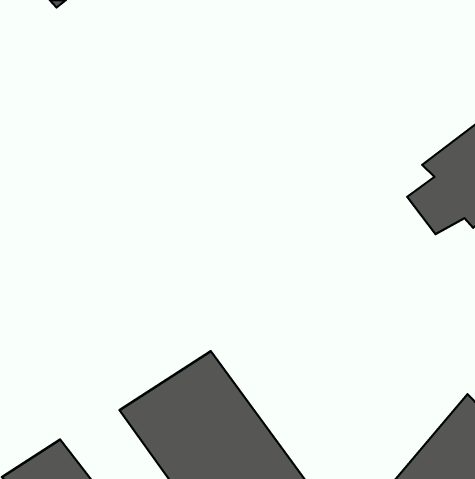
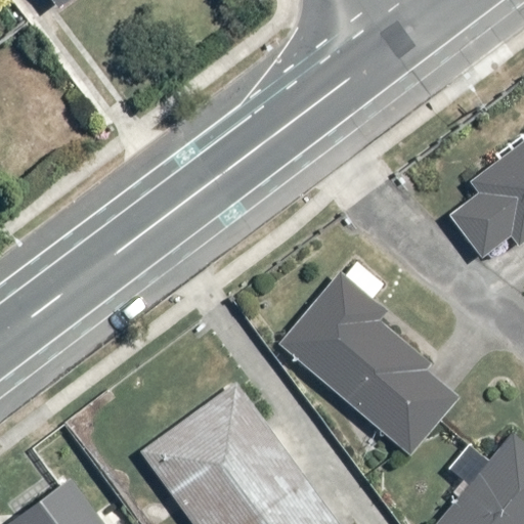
building: none -> [279,275,467,455]

